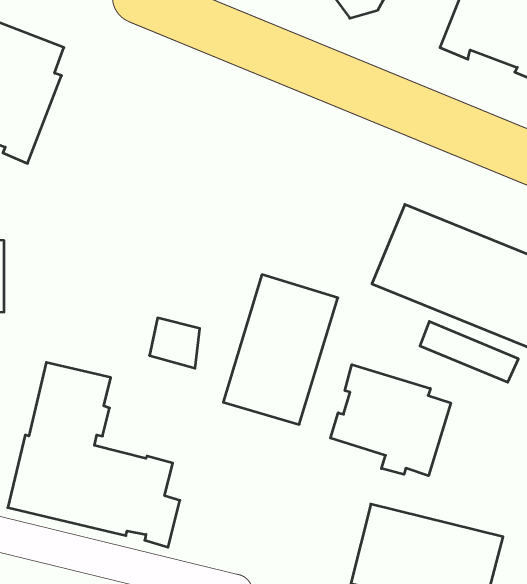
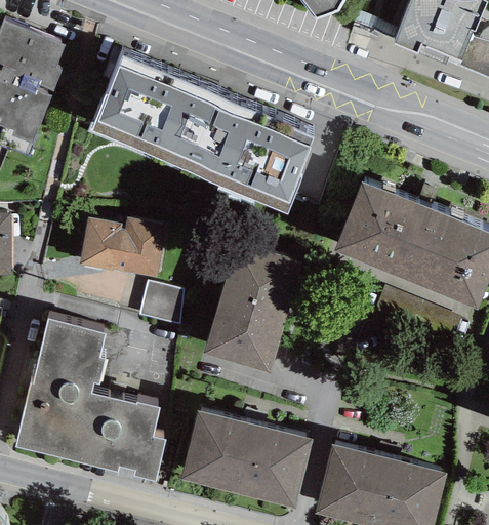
building: none -> [87,55,313,213]
building: none -> [79,216,166,277]
building: [330,365,451,476] -> none
building: none -> [179,410,313,509]

